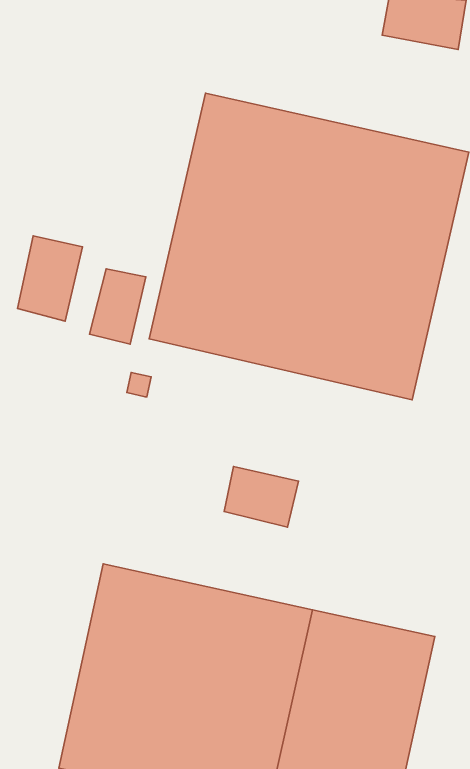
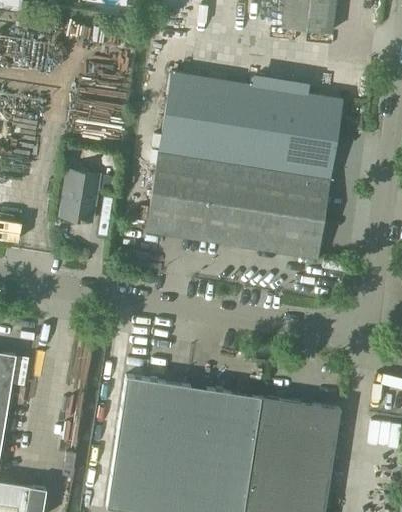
building: [90,269,146,344] -> none
building: [224,466,299,527] -> none

